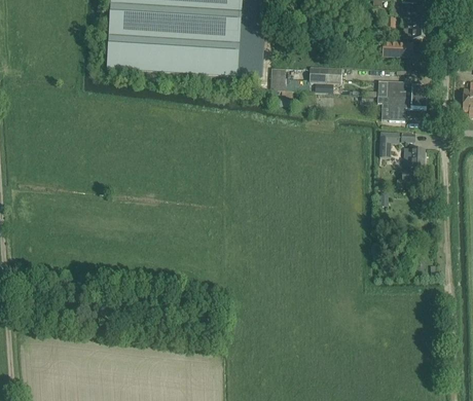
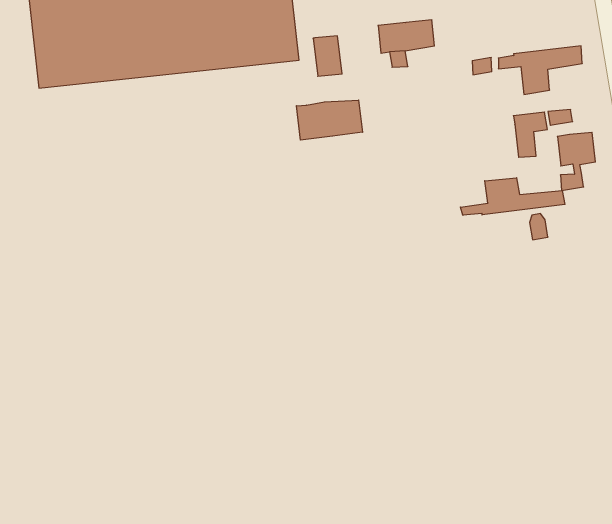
building: [386,79,426,97] -> none
building: none -> [296,100,363,140]
building: none -> [460,178,565,215]

